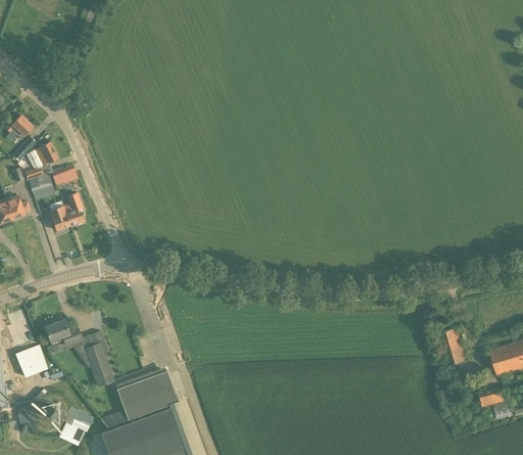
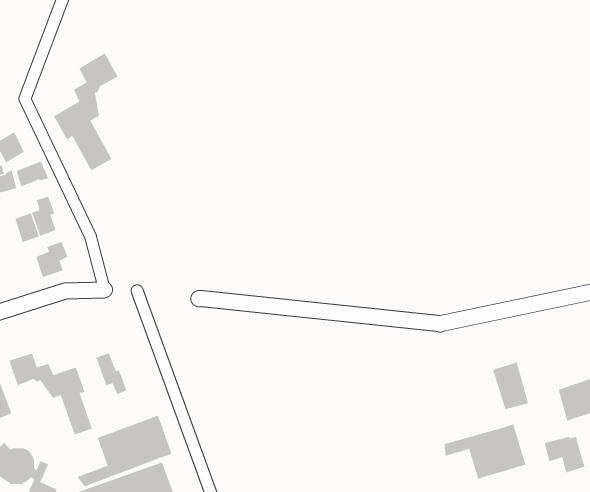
building: none -> [53,52,119,171]
building: none -> [35,241,68,278]
building: none -> [96,353,127,395]
building: none -> [444,423,526,479]

